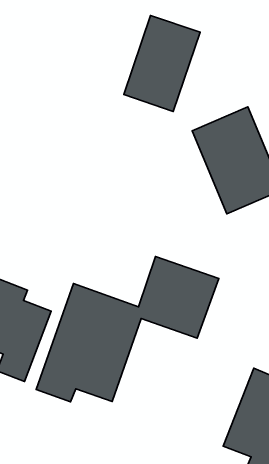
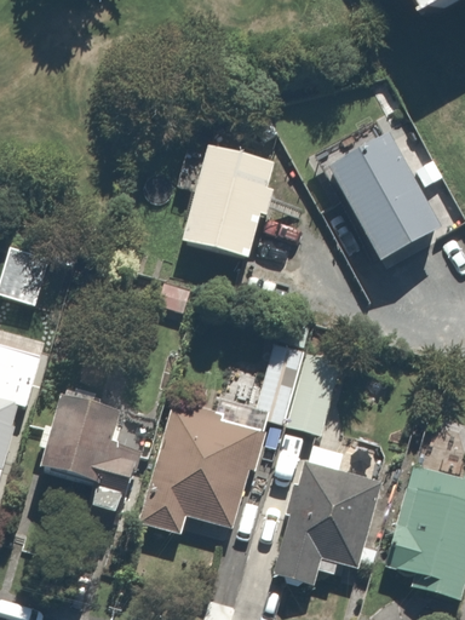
building: [124,15,200,111] -> [163,149,251,266]
building: none -> [276,442,385,585]

